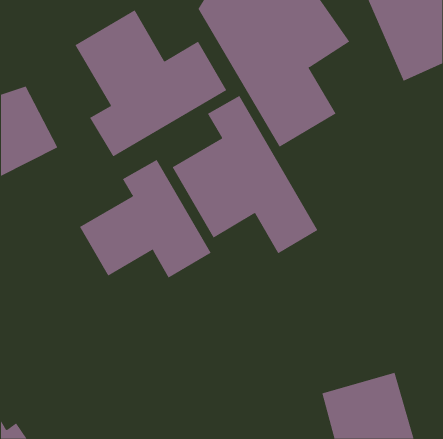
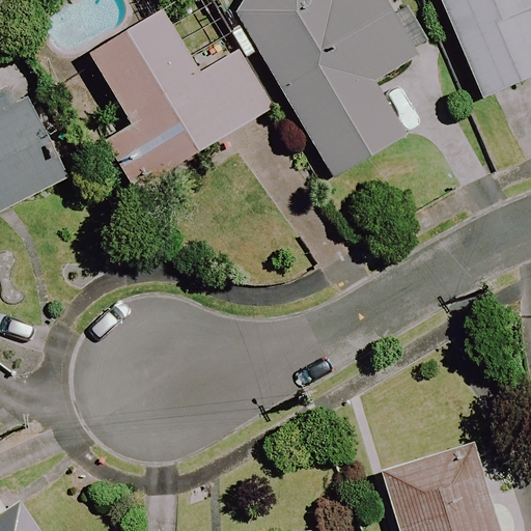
building: [172,95,318,254] -> none
building: [79,159,211,278] -> none

